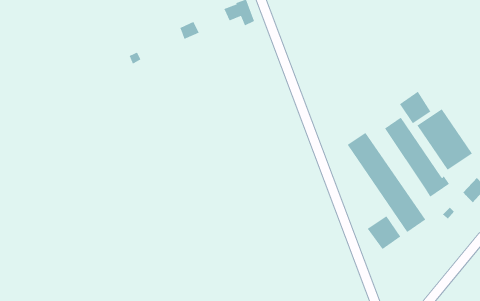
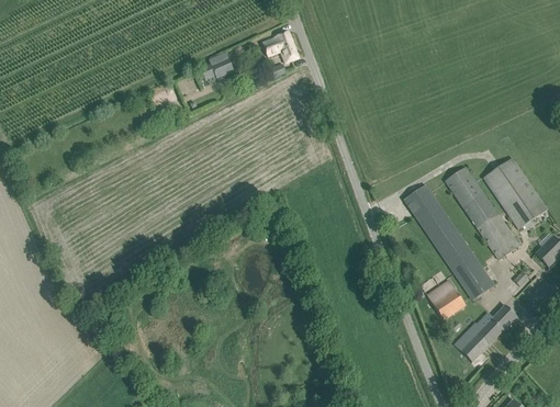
building: [399,91,431,124] -> none
building: none -> [453,304,516,362]

